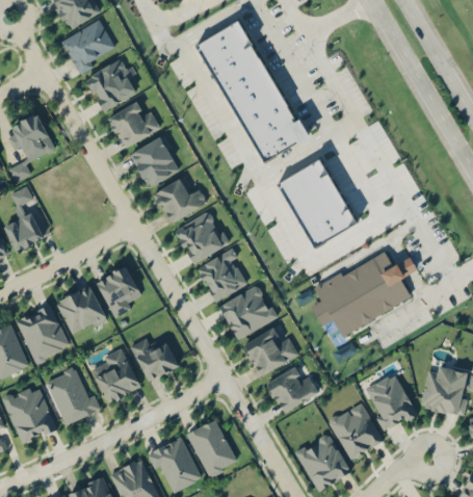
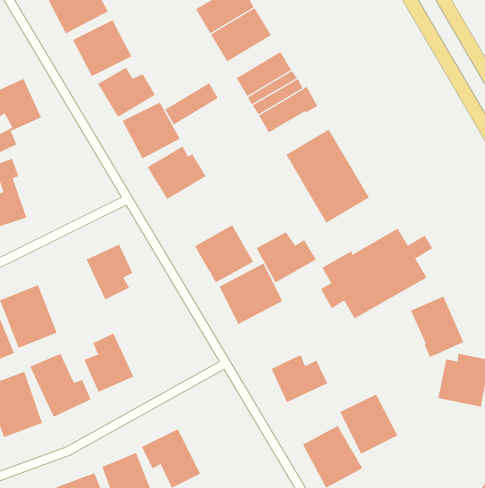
building: [226,73,275,112] -> [164,82,219,125]
building: [174,209,230,264] -> none
building: [55,284,107,336] -> none
building: [242,329,298,376] -> [256,231,317,283]
building: [131,336,179,382] -> none
building: [366,373,416,430] -> [410,296,464,358]
building: [186,418,236,476] -> none

